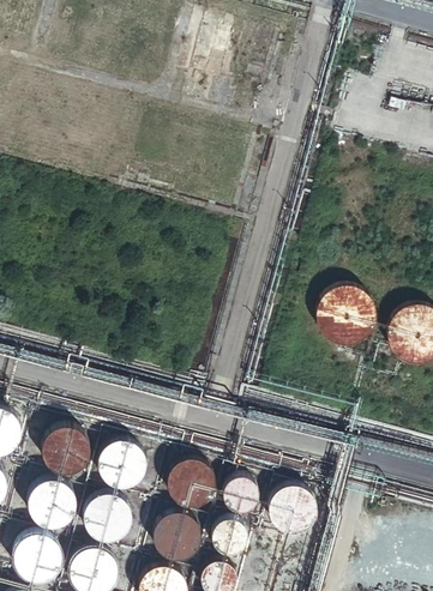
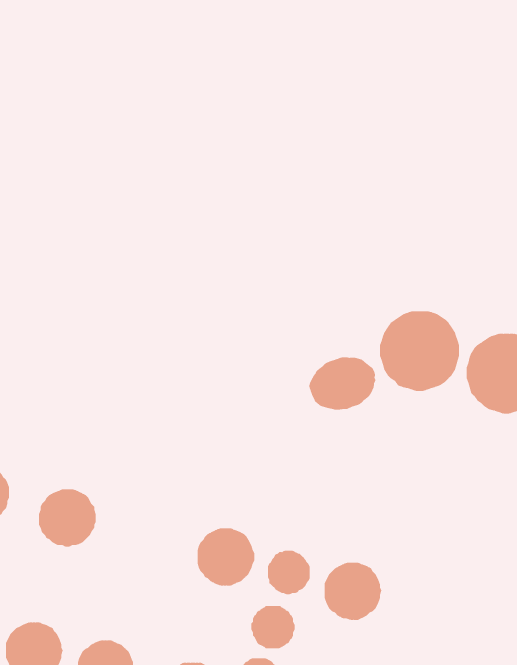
building: none -> [309,357,376,410]
building: [97,441,144,488] -> none
building: [29,481,76,527] -> none
building: [85,495,132,542] -> none
building: [155,512,202,559] -> none

